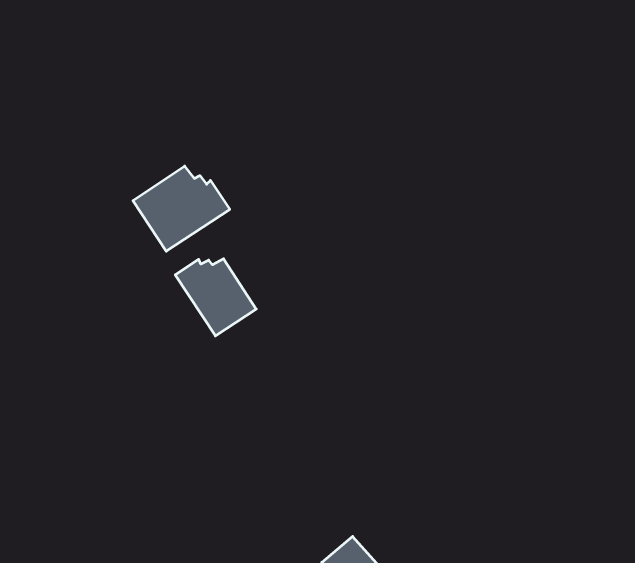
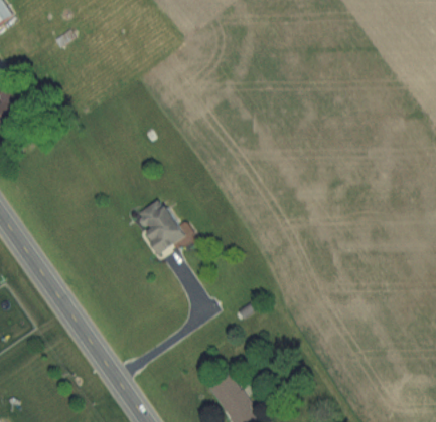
building: [133,166,230,251] -> none

